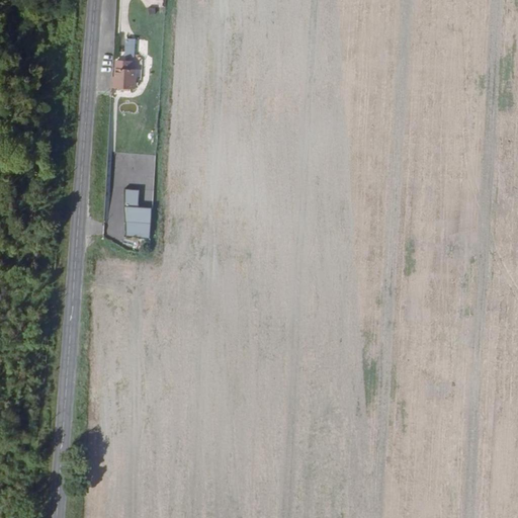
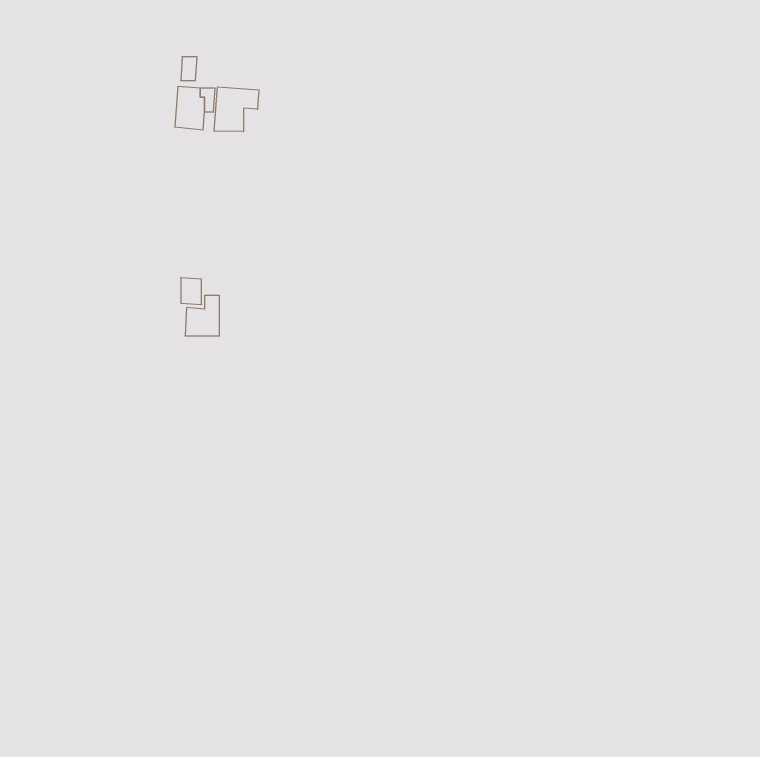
building: none -> [214,87,259,132]

